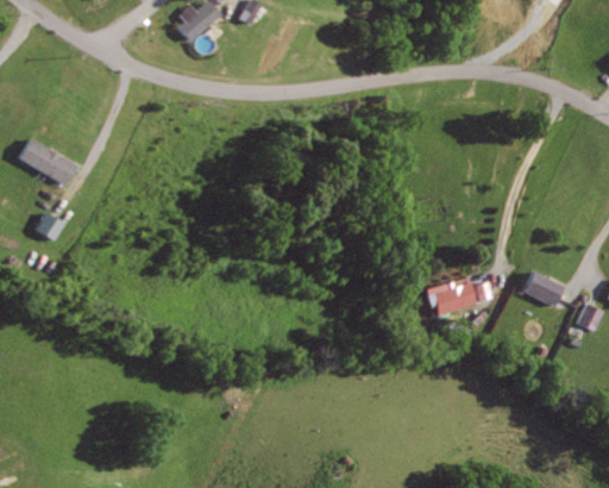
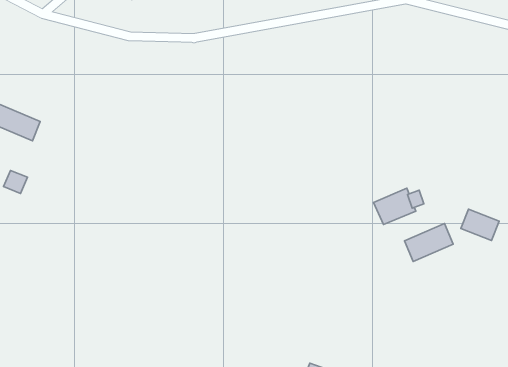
building: [523,270,566,307] -> [461,209,499,240]
building: none -> [405,223,453,262]

